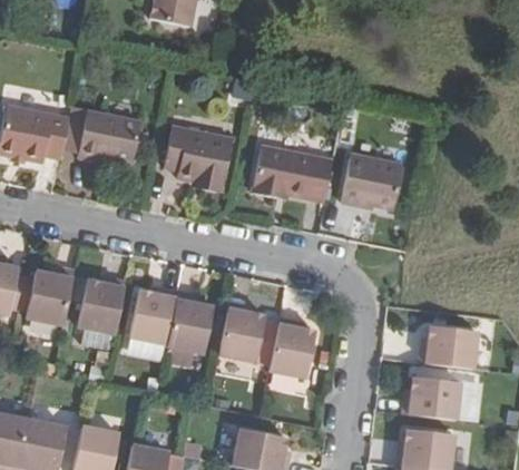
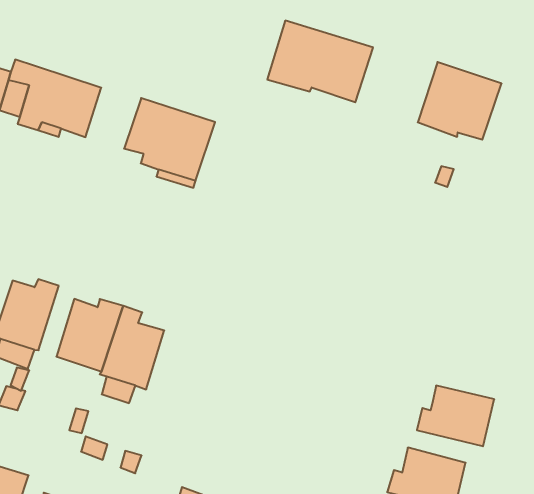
building: [254,144,334,202] -> [267,21,373,102]
building: [342,151,404,208] -> [418,62,502,140]
building: [218,301,265,363] -> none
building: [270,317,315,378] -> none

